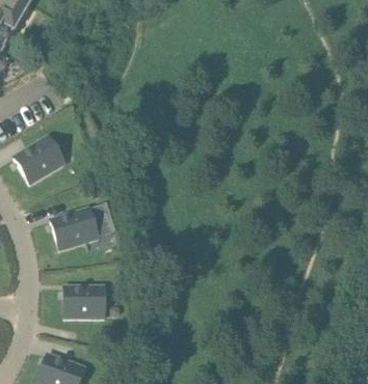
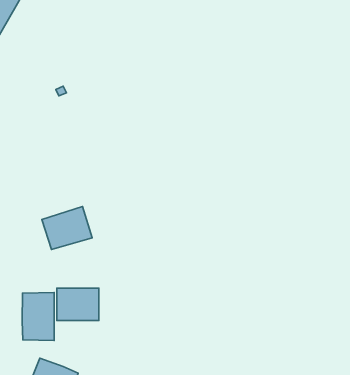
building: [12,135,63,183] -> none
building: none -> [22,293,54,340]

